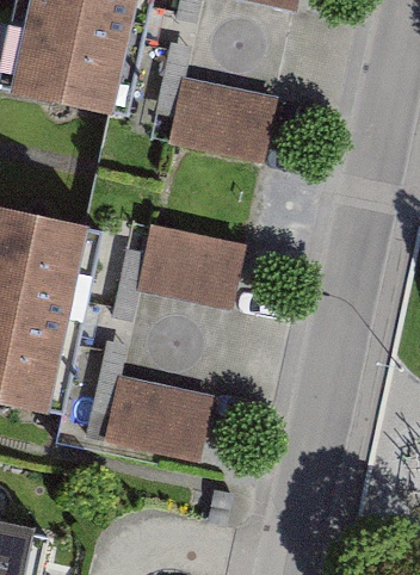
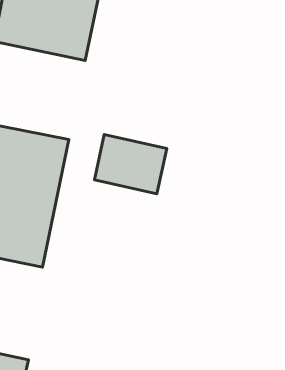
building: [171,73,277,159] -> none
building: [104,373,210,459] -> none

